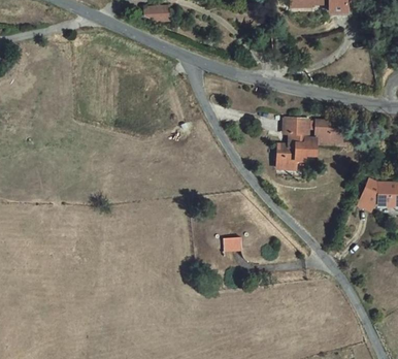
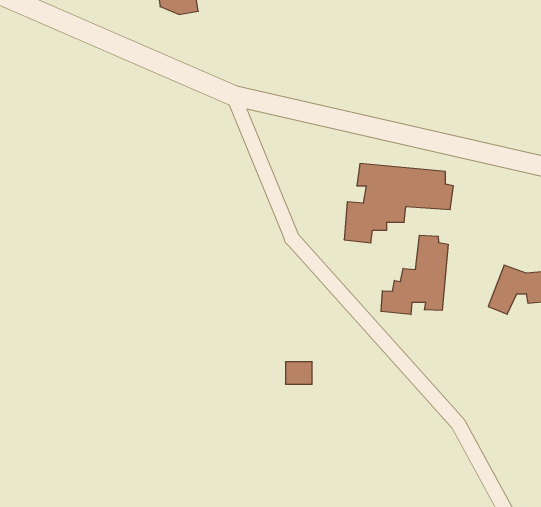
building: none -> [381,235,448,315]

